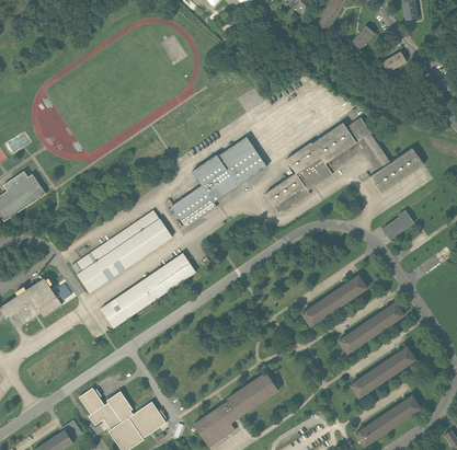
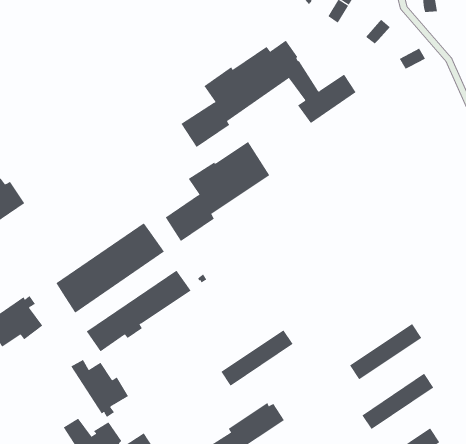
building: [265,118,424,216] -> [181,40,357,148]
building: [382,211,415,241] -> none
building: [300,274,366,325] -> [221,329,293,386]
building: none -> [71,359,129,418]

